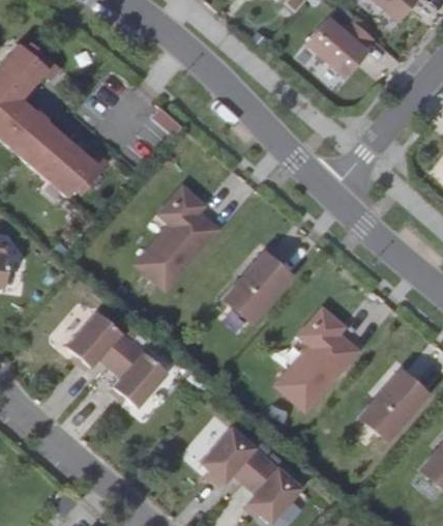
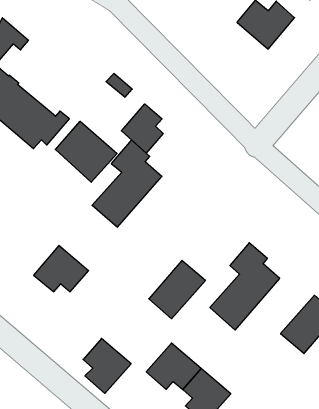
building: none -> [121,104,163,153]
building: none -> [55,121,117,182]
building: [225,253,292,322] -> [149,260,205,319]
building: [111,342,168,407] -> [83,338,131,393]

